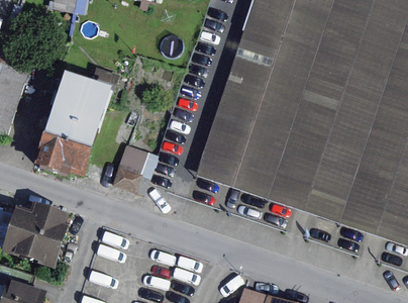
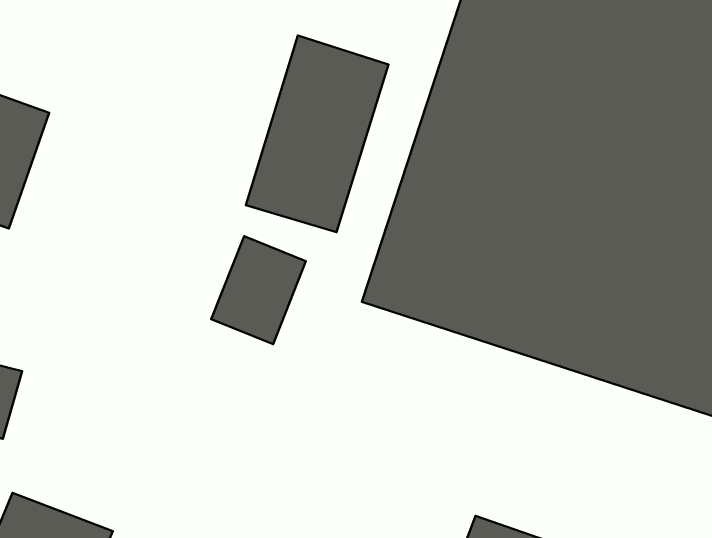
building: [35,73,110,176] -> [246,36,389,232]
building: [11,204,83,273] -> none

